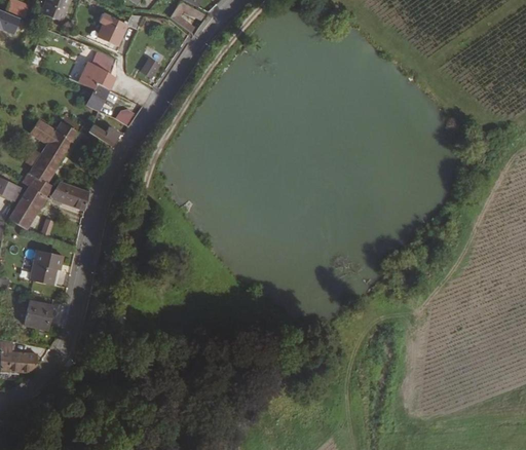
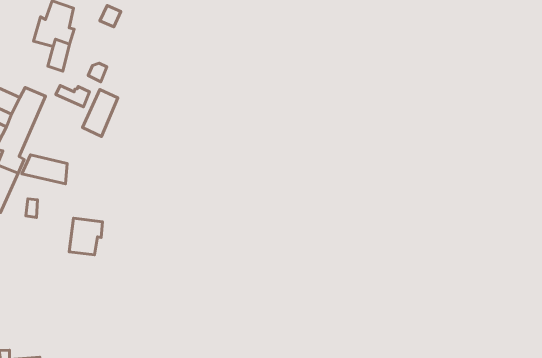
building: none -> [83,90,118,136]
building: [27,249,60,284] -> [69,218,102,255]
building: [16,300,44,329] -> none

